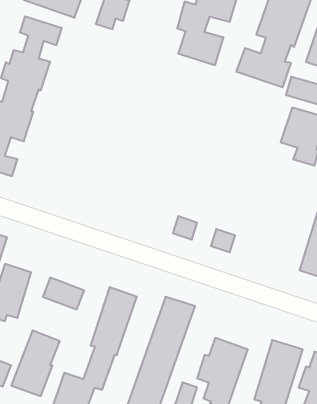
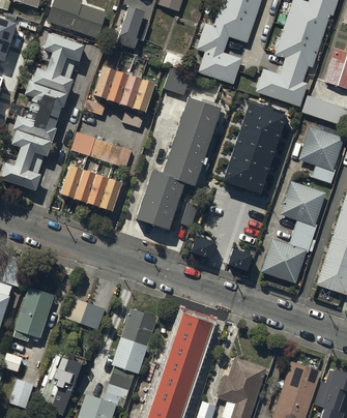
building: none -> [129,60,227,239]
building: none -> [92,70,154,127]
building: none -> [225,101,288,191]
building: none -> [79,133,133,170]
building: none -> [60,165,121,216]
building: none -> [261,183,325,286]

